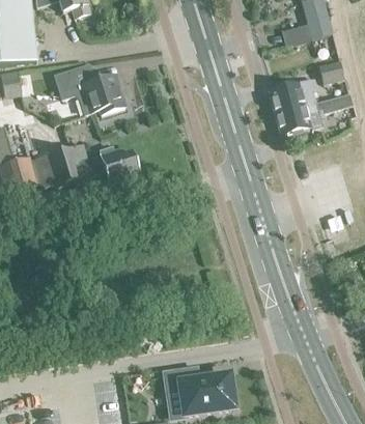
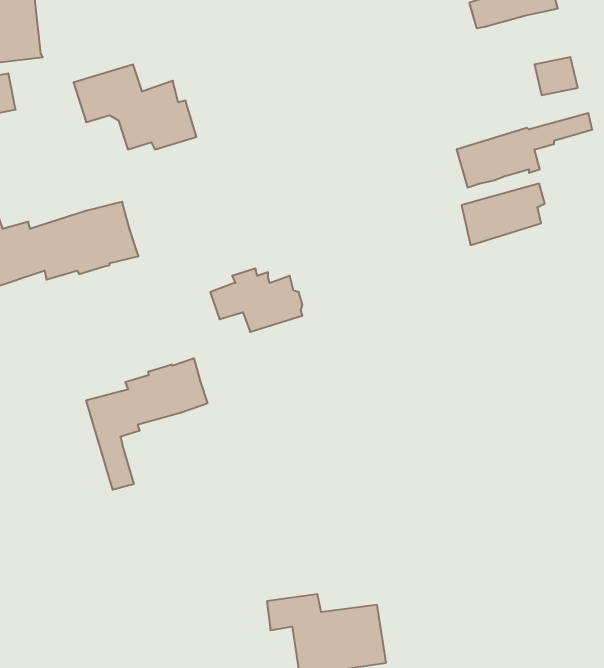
building: [269,79,316,114] -> [462,184,545,245]
building: [86,146,139,182] -> [210,269,302,332]
building: none -> [86,358,207,490]

